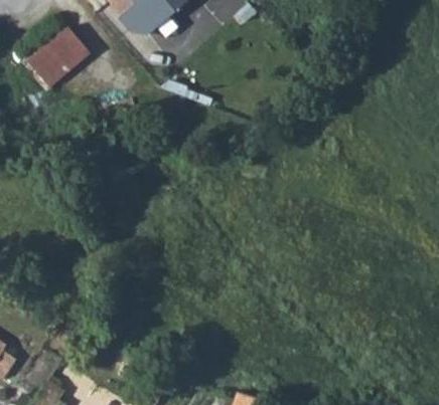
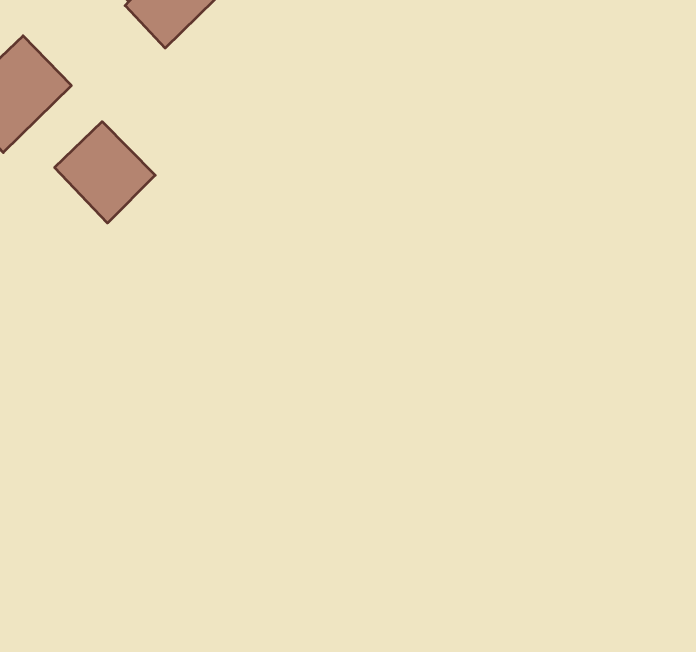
building: none -> [55,122,155,223]

